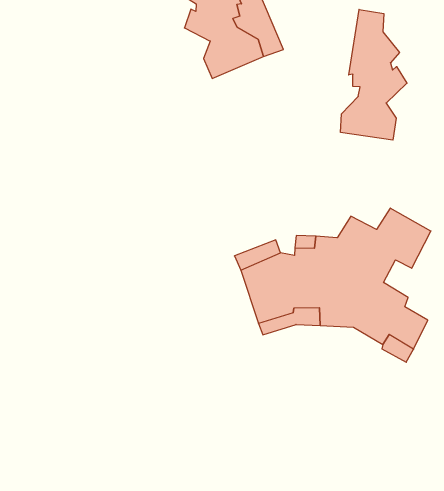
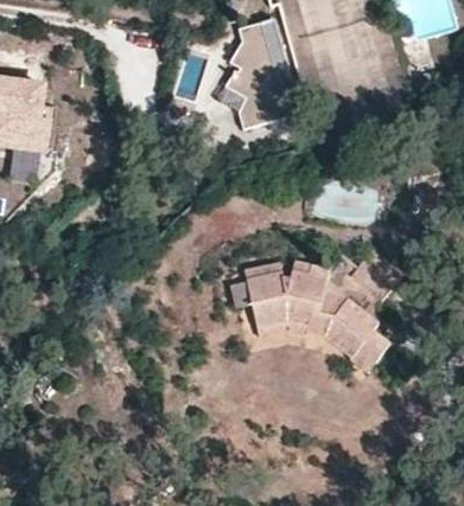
building: [341,9,407,140] -> none

